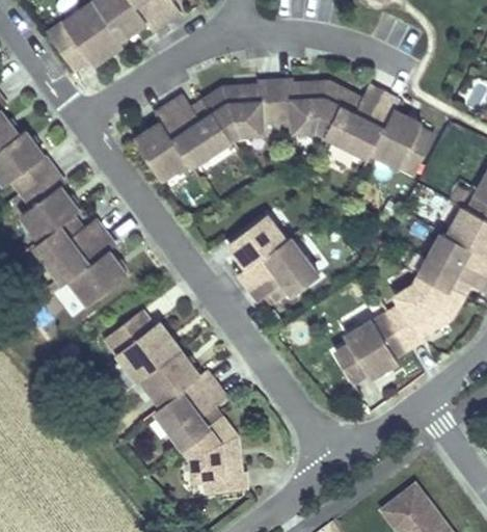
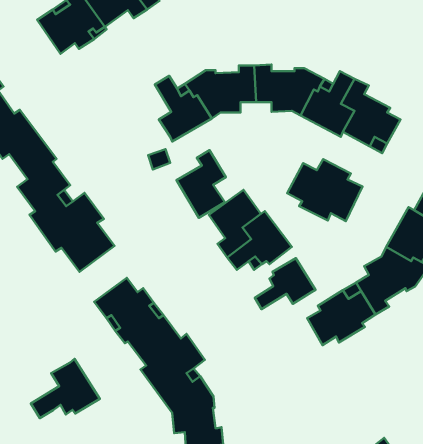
building: [134,103,187,176] -> [177,150,226,218]
building: none -> [287,159,362,221]
building: none -> [255,258,315,309]
building: none -> [31,359,100,418]

